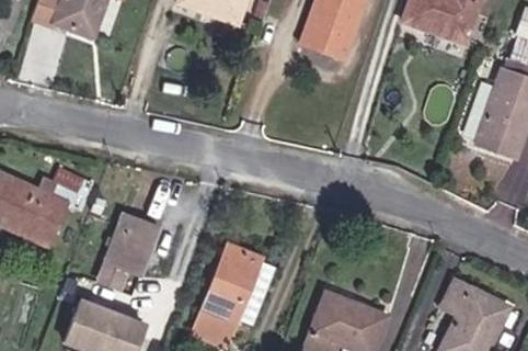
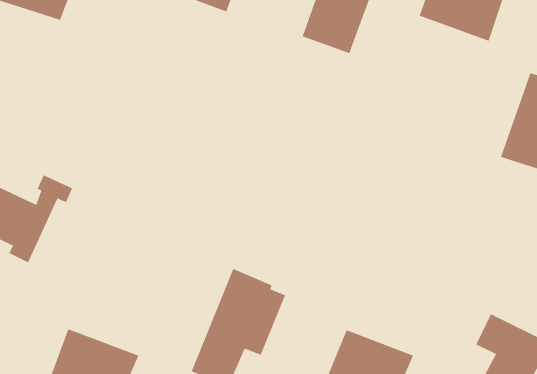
building: [107,214,167,284] -> none

